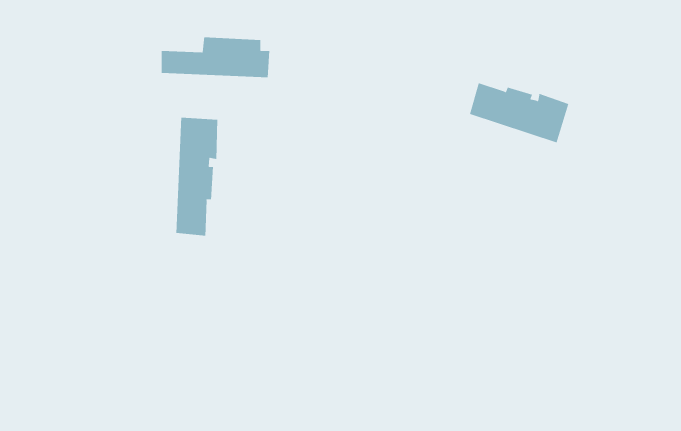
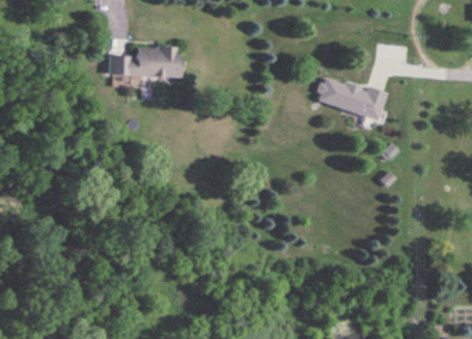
building: [176,117,218,237] -> none

